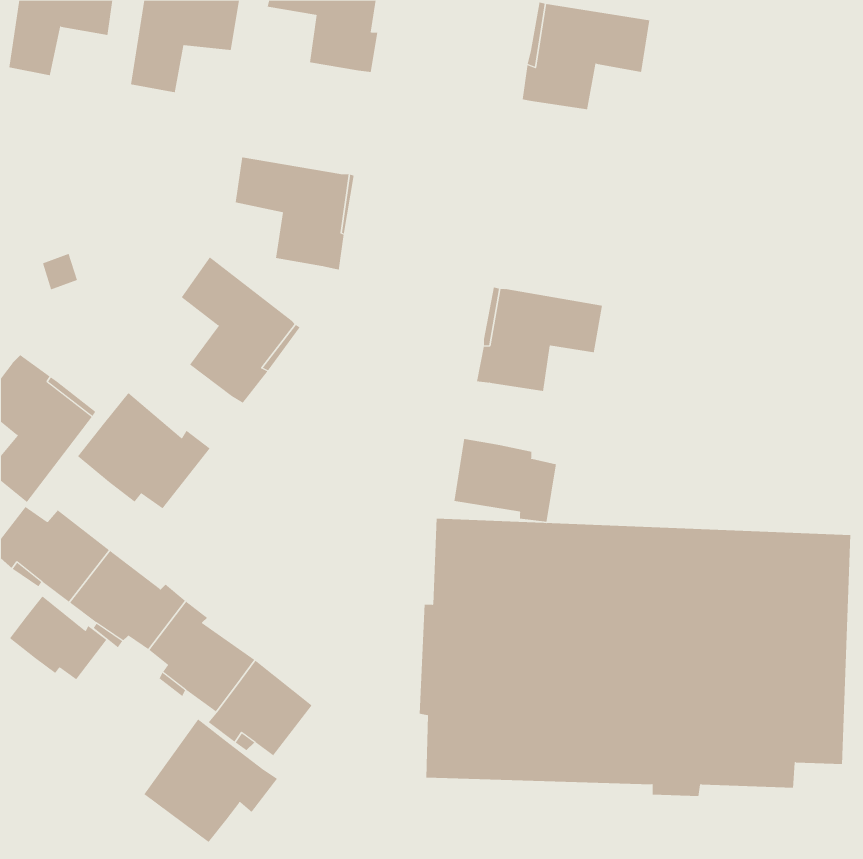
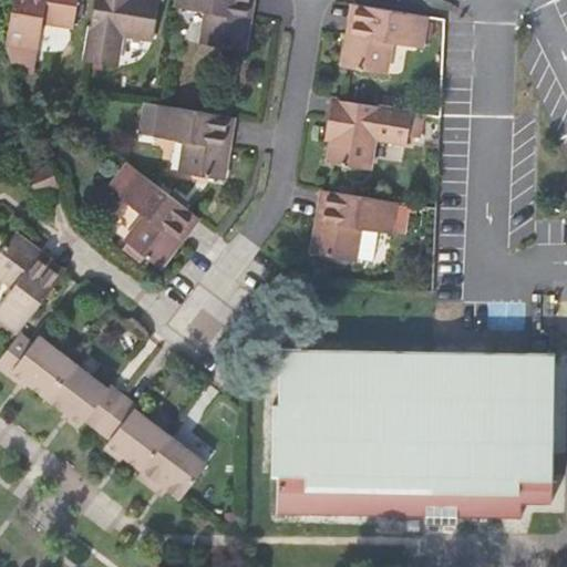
building: none -> [326,99,410,169]
building: [77,392,210,509] -> none
building: [454,438,557,523] -> none
building: [9,596,107,680] -> none
building: [143,718,278,843] -> none

